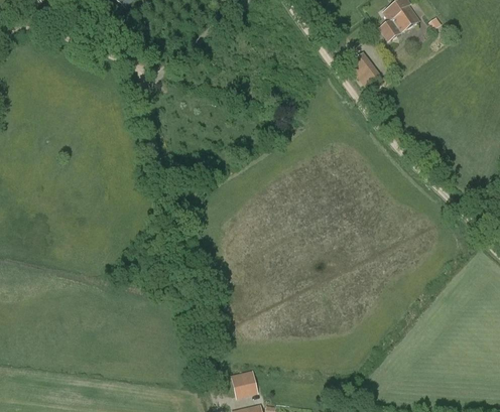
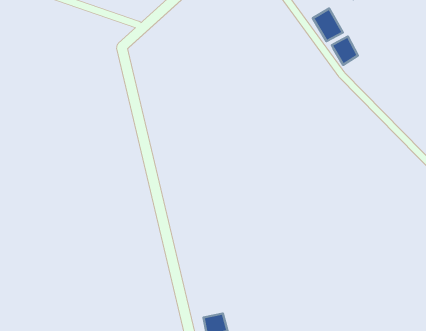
building: none -> [332,36,358,65]

